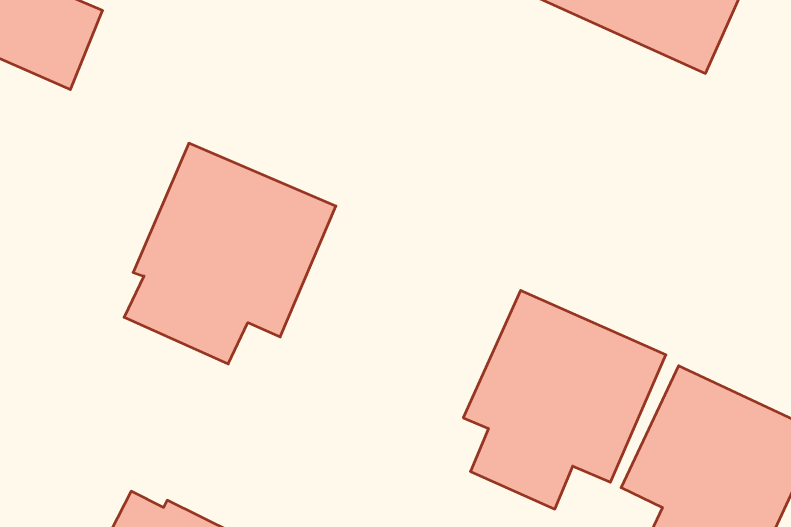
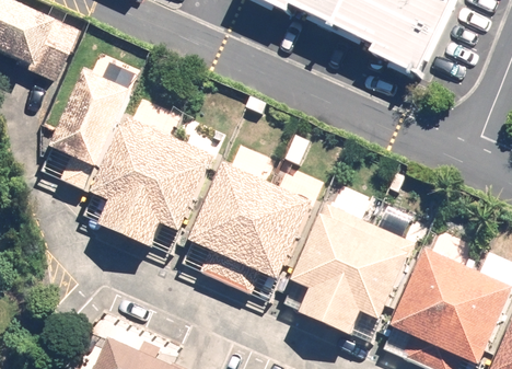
building: none -> [44,49,139,189]
building: none -> [177,161,314,302]

